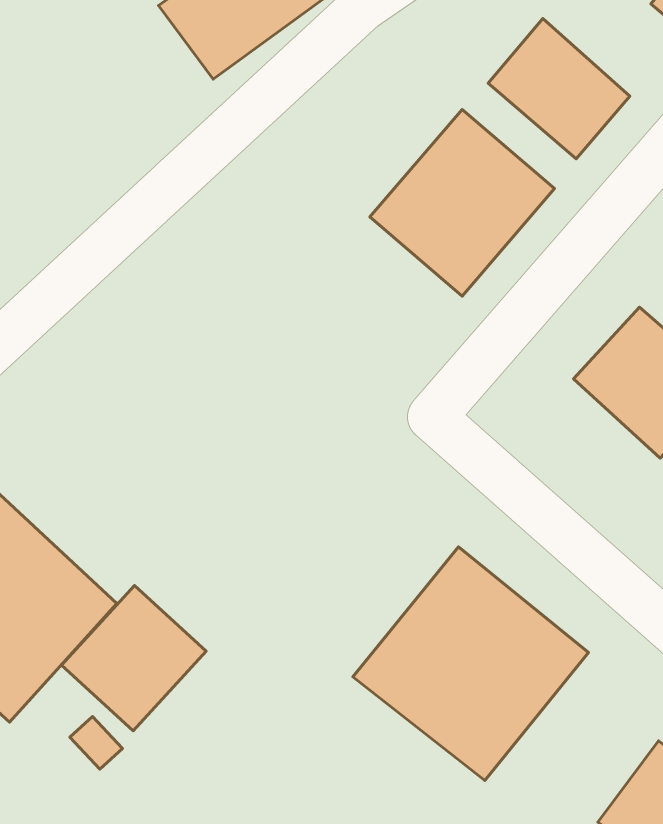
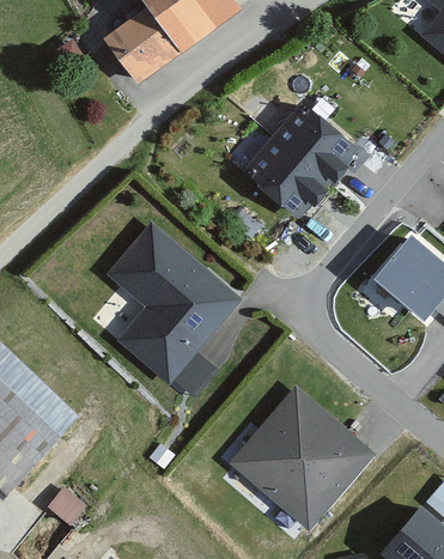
building: [488,19,630,159] -> none
building: none -> [105,225,236,408]
building: [62,585,206,731] -> none

